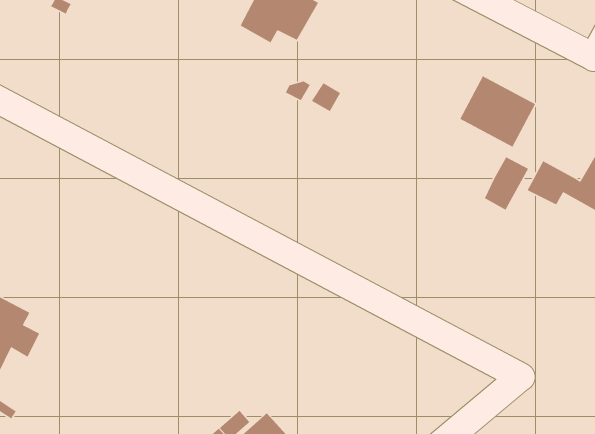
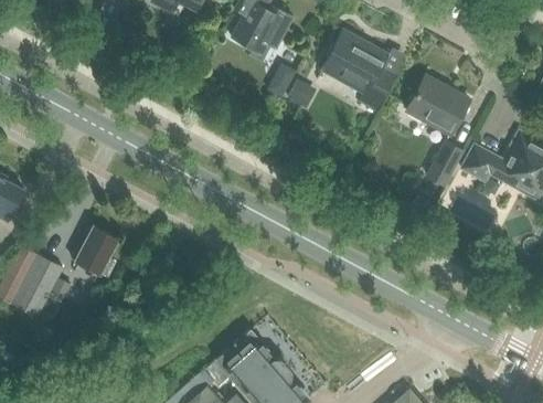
building: none -> [322,31,396,113]
building: none -> [74,227,119,277]

